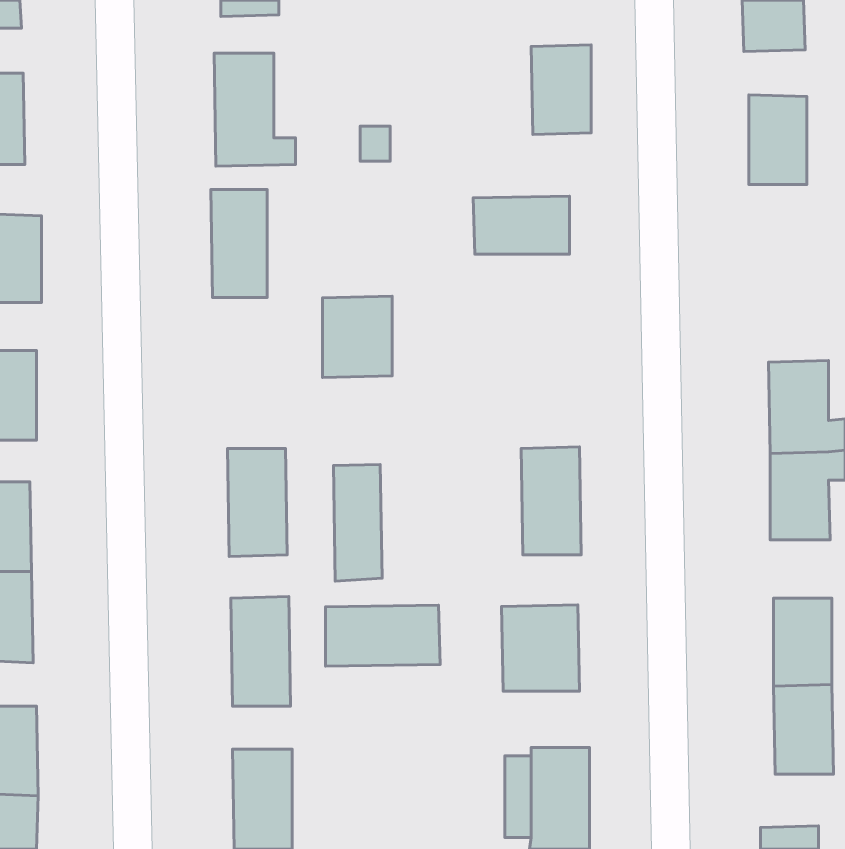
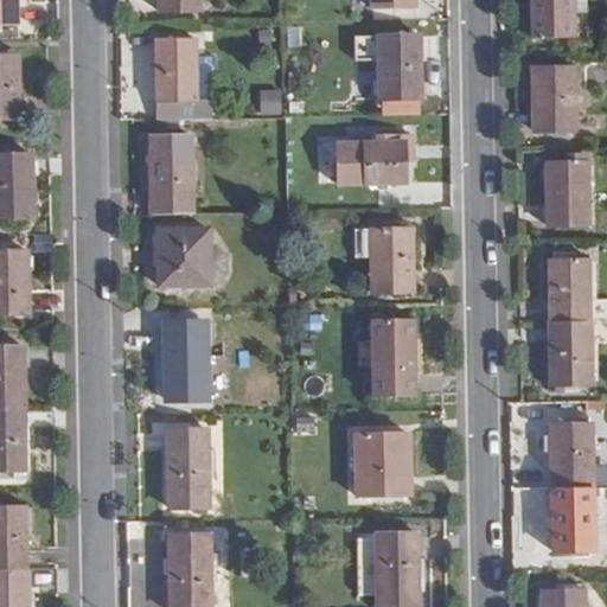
building: none -> [548,164,590,228]
building: [322,296,392,378] -> [154,228,204,286]
building: none -> [371,228,414,294]
building: [333,465,382,581] -> none
building: [325,605,440,666] -> none

